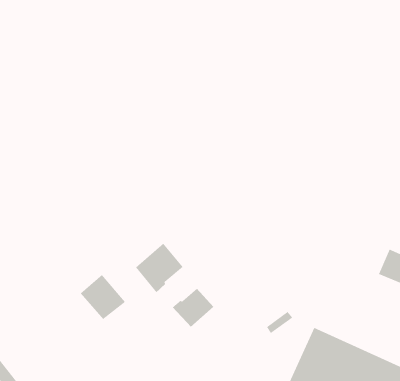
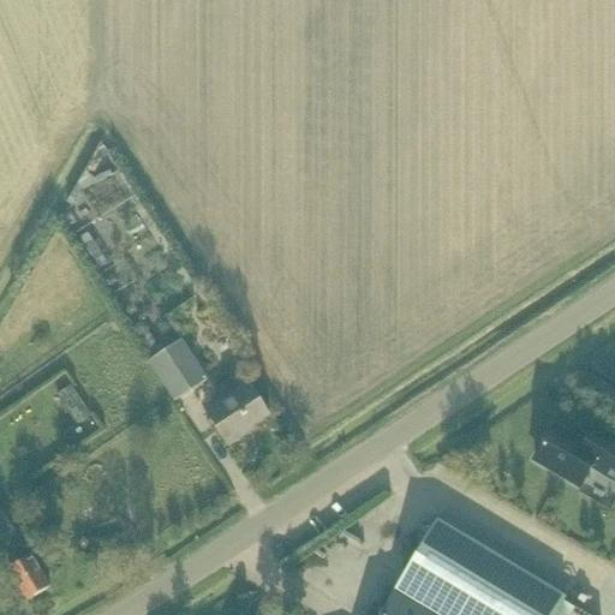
building: [80,274,126,320] -> [148,340,209,402]
building: [172,288,214,327] -> none

